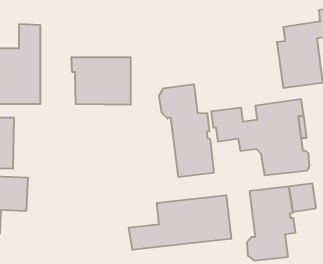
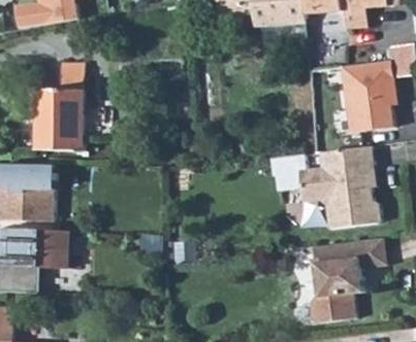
building: [72,57,130,105] -> none
building: [159,84,214,177] -> none
building: [129,195,231,250] -> none

